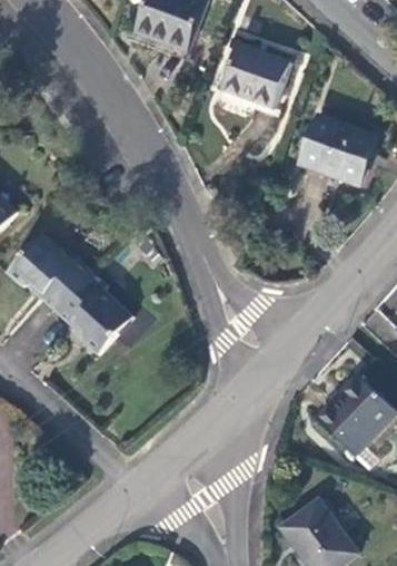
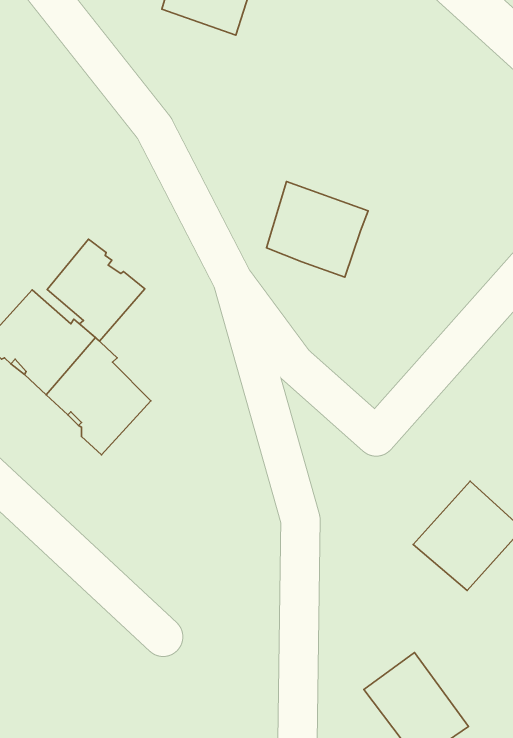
building: [221,42,289,109] -> none
building: [301,116,375,185] -> [266,182,368,277]
building: none -> [47,239,145,341]

